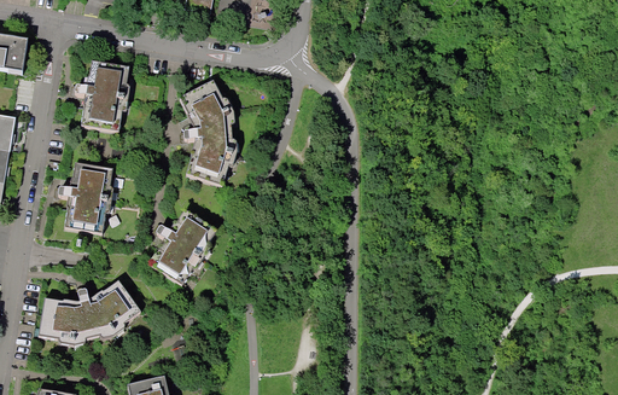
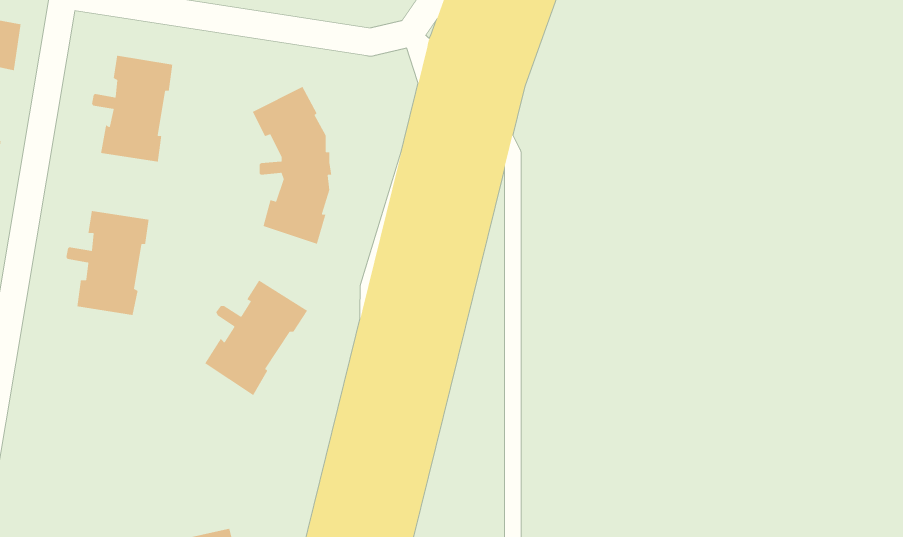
building: [39,279,141,338] -> none

